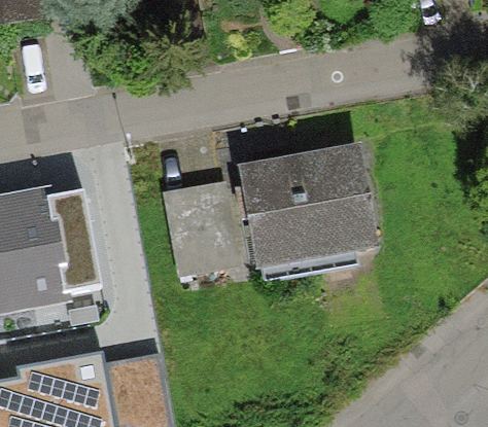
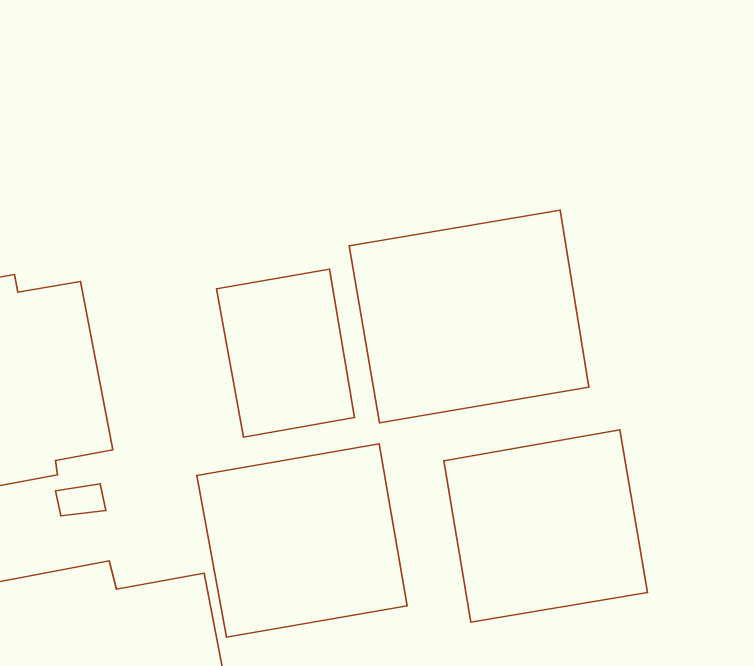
building: none -> [444,430,647,622]
building: none -> [197,444,407,637]

